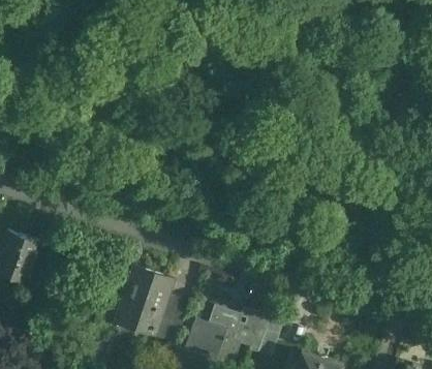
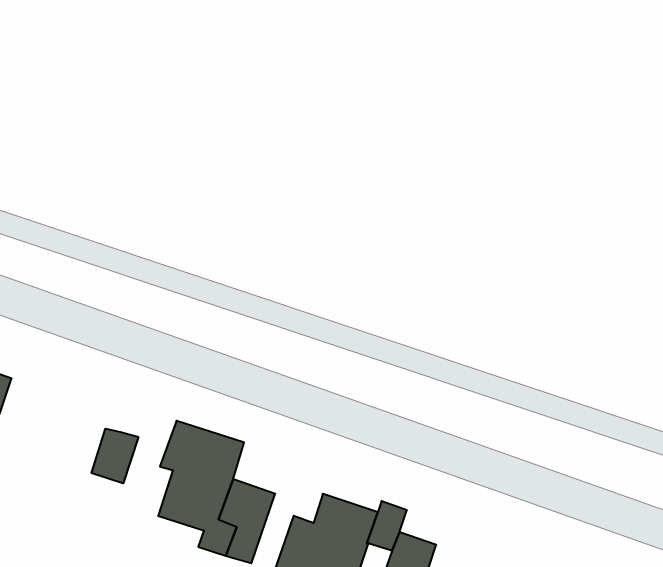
building: none -> [92,429,138,483]

